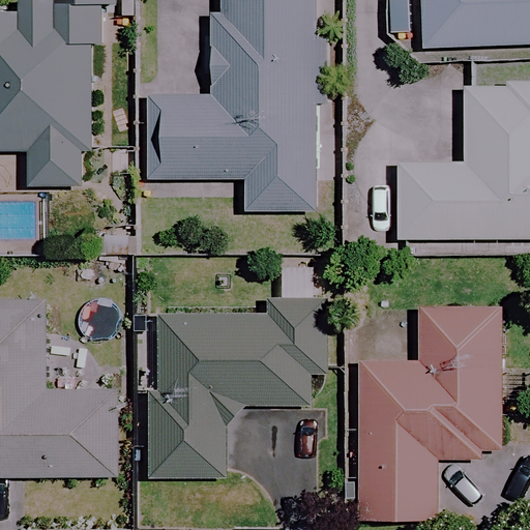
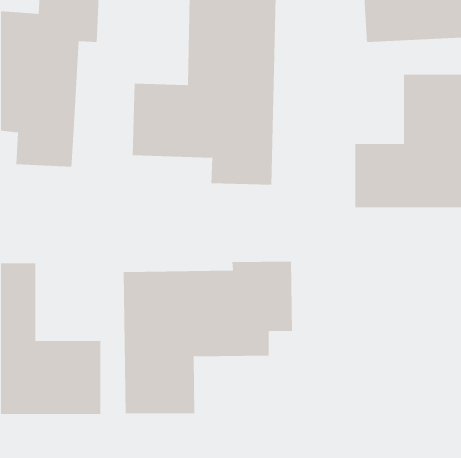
building: [359,308,498,520] -> none

